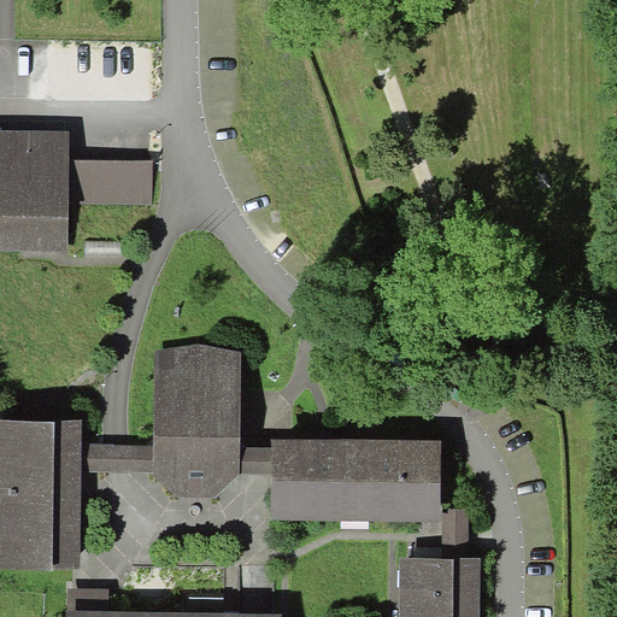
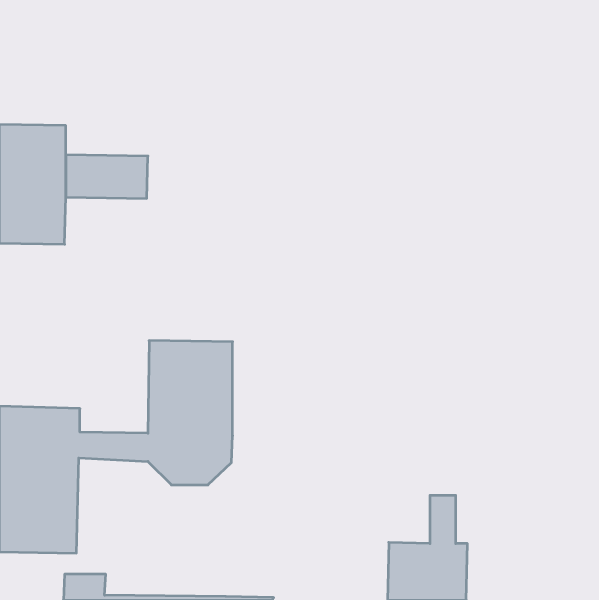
building: [237,439,441,521] -> none

